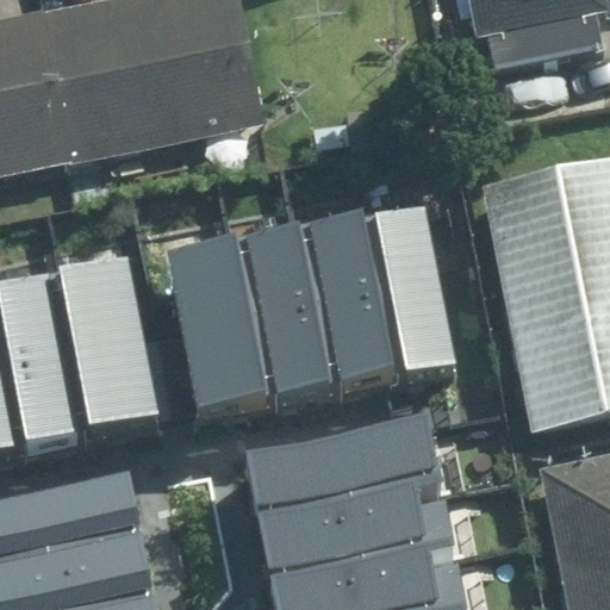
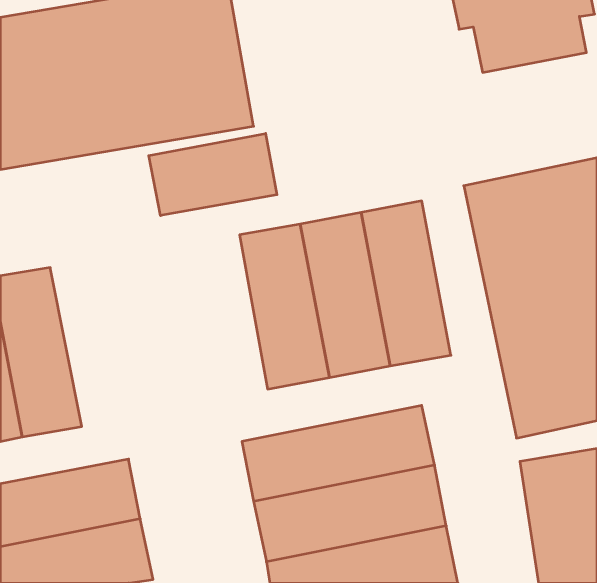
building: none -> [149,133,277,216]
building: [169,239,273,410] -> none
building: [51,257,160,435] -> none

